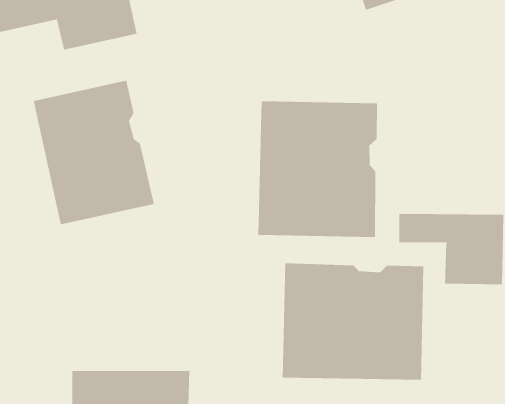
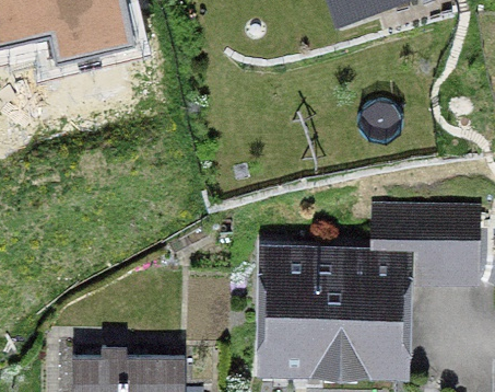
building: [33,80,155,225] -> none
building: [258,101,377,238] -> none

